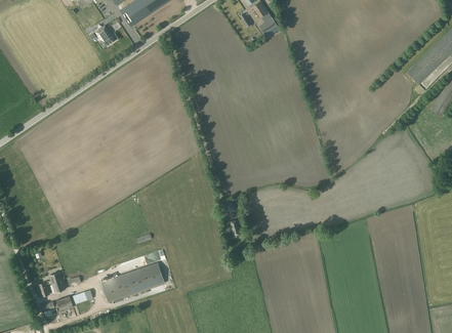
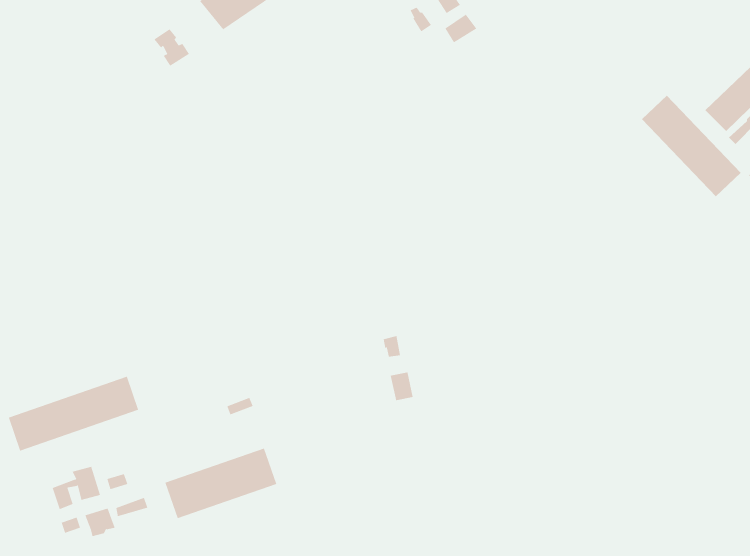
building: none -> [641,95,742,197]
building: none -> [8,376,139,452]

